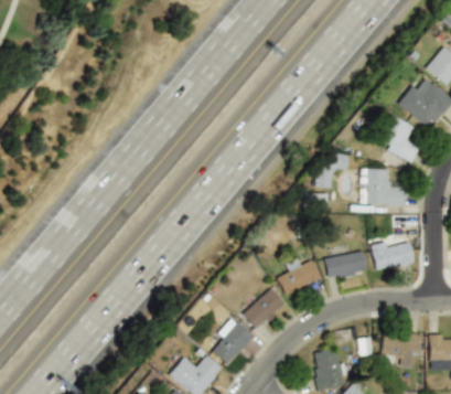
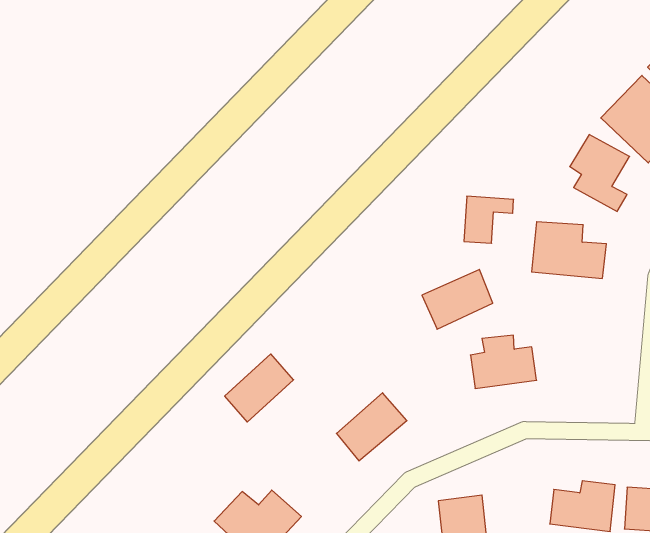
building: [369,237,415,271] -> none
building: [276,257,321,297] -> [422,269,493,329]
building: [212,321,255,365] -> [225,354,294,422]

